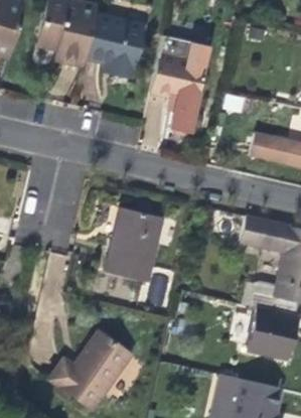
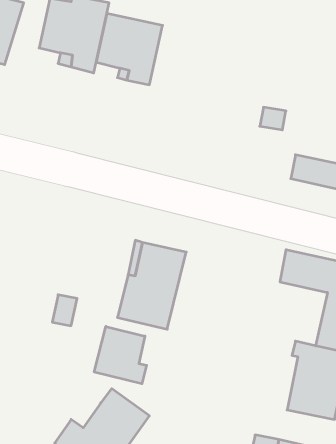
building: [149,34,208,135] -> none
building: none -> [94,326,147,384]

